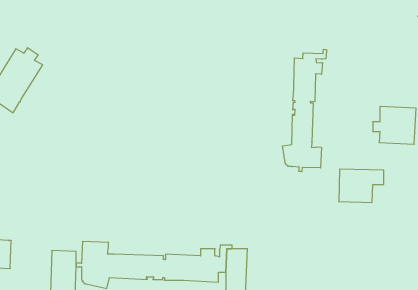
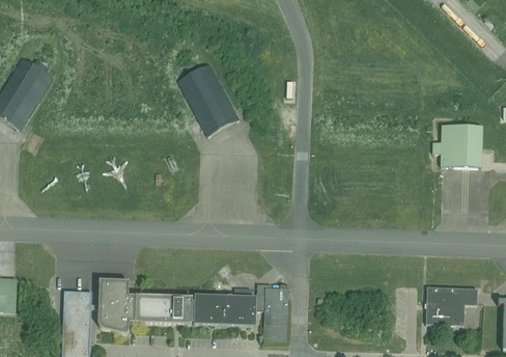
building: [283,49,326,172] -> none
building: none -> [176,61,240,136]
building: [339,169,384,202] -> [425,286,477,325]

